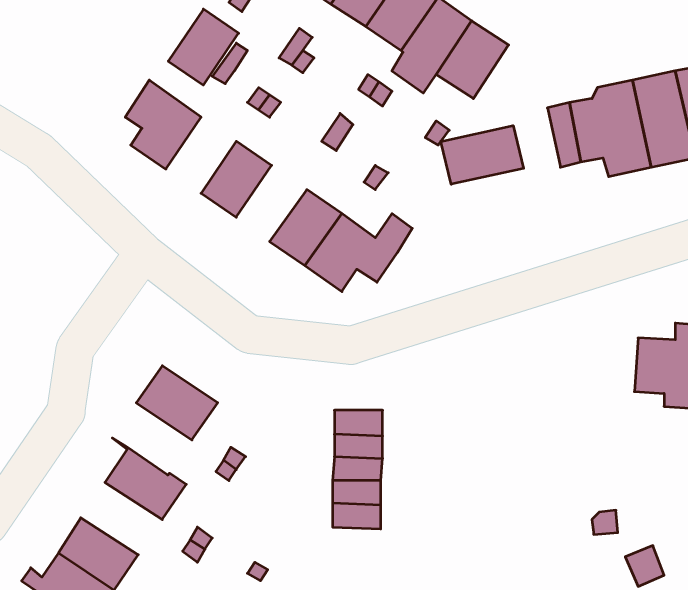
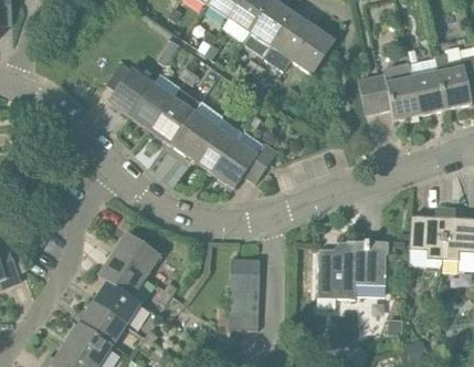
building: [168,9,239,85] -> [130,84,172,129]
building: [441,126,524,184] -> none
building: none -> [172,113,214,158]
building: none -> [317,241,387,307]
building: none -> [98,254,146,297]
building: none -> [80,302,128,345]

